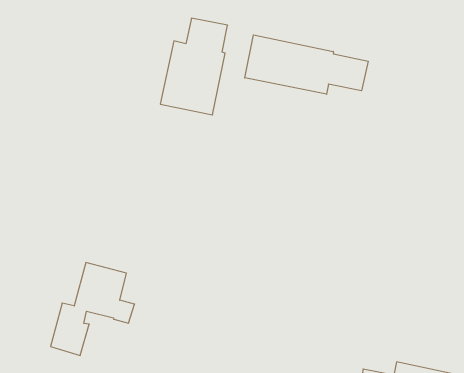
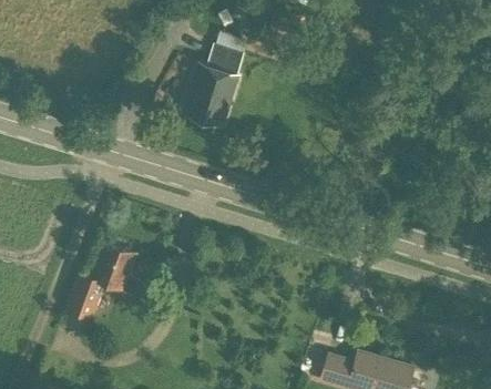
building: [245,35,368,94] -> none

